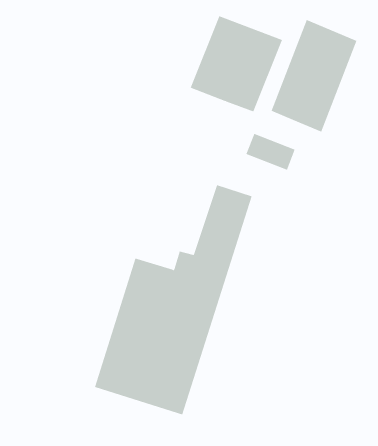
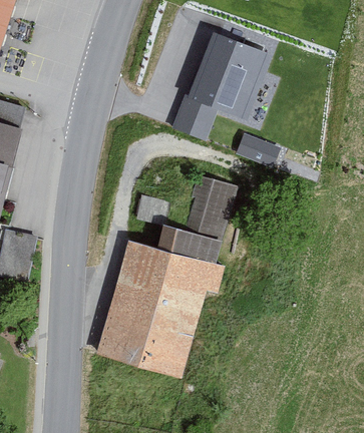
building: [271,19,357,132] -> none
building: none -> [168,91,215,135]

